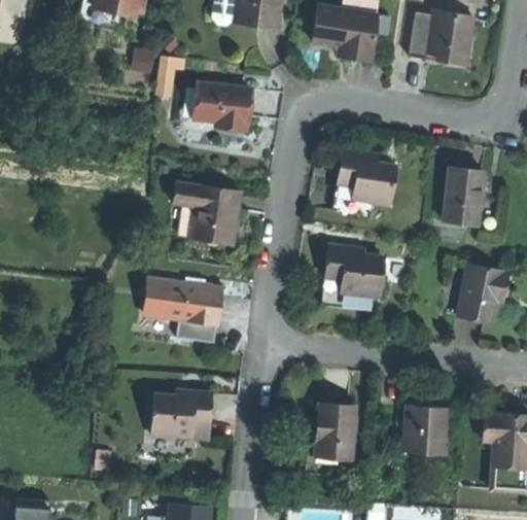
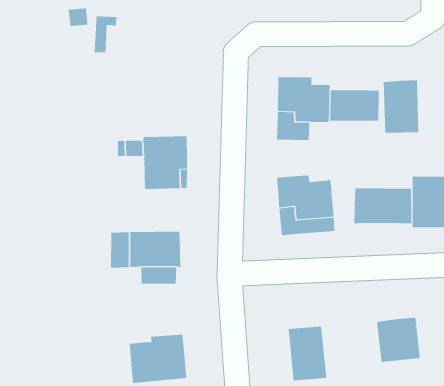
building: [197,83,251,131] -> none
building: none -> [330,89,379,121]
building: none -> [354,187,412,224]

